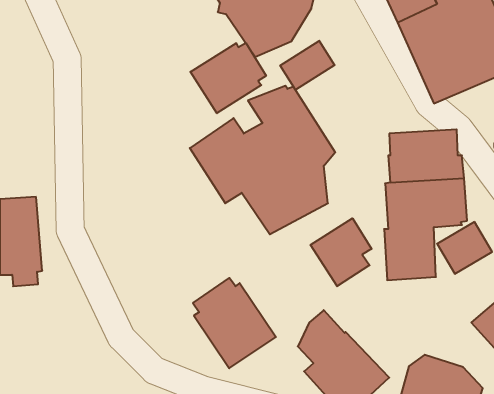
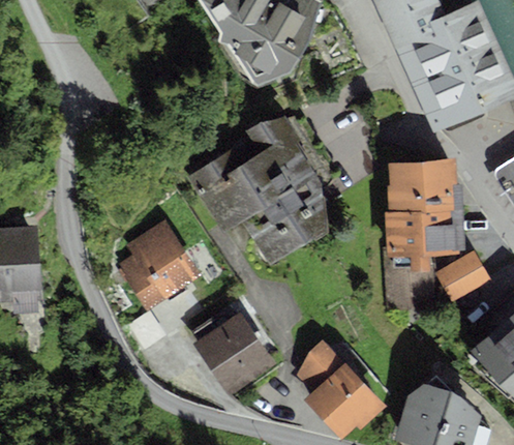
building: [280,41,335,90] -> none
building: [190,43,266,113] -> none
building: none -> [118,219,200,308]
building: [311,218,372,286] -> none

